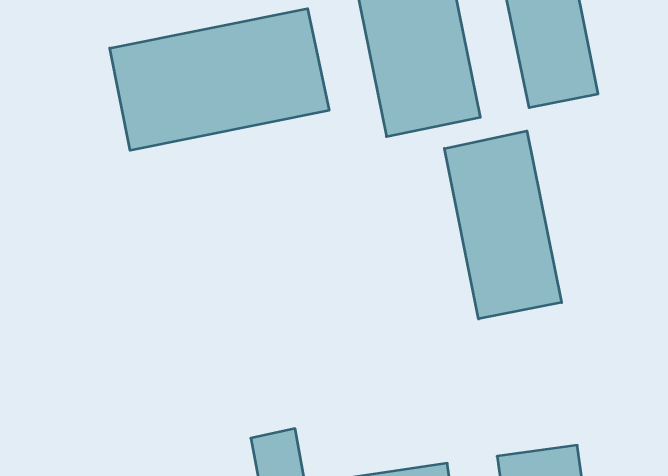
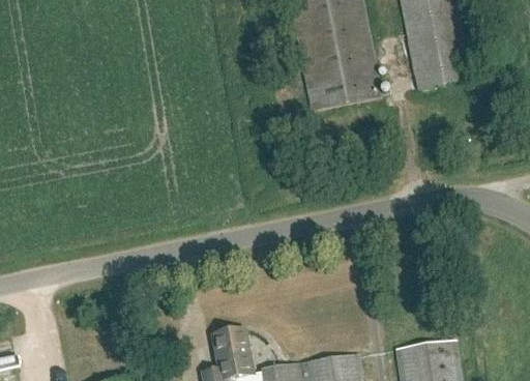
building: [110,9,329,150] -> none
building: [444,131,562,319] -> none

